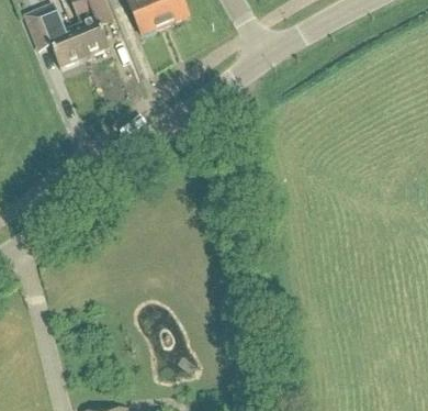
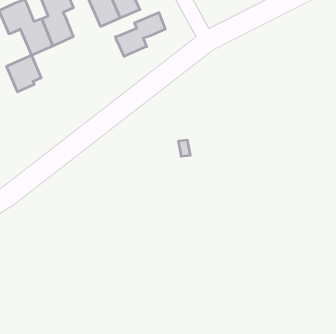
building: none -> [115,13,165,56]
building: none -> [7,55,41,92]

